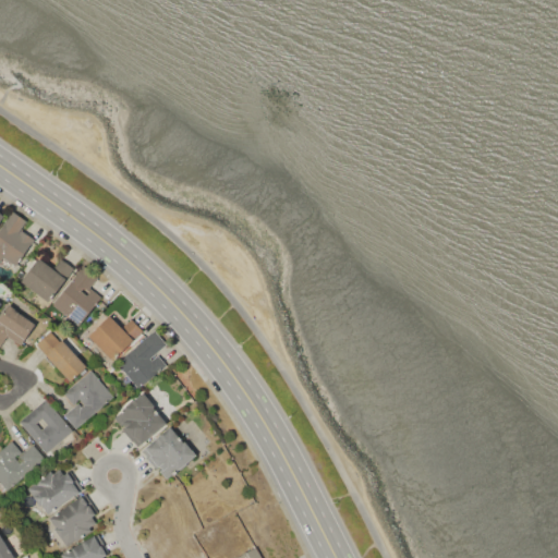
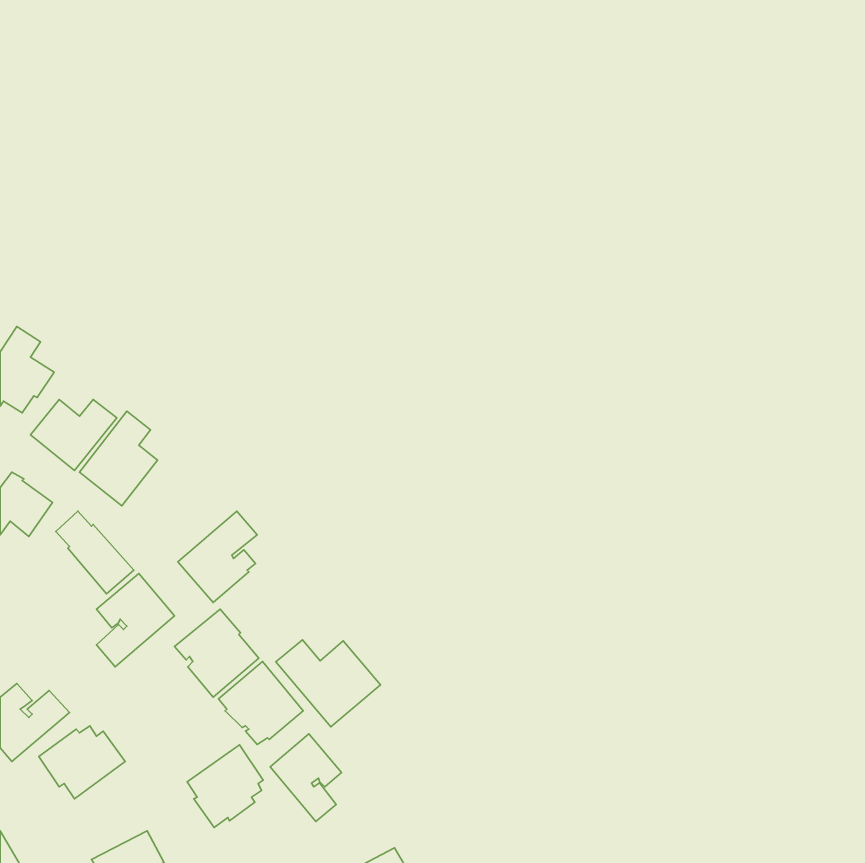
building: [87,315,142,363] -> none
building: [16,399,72,454] -> none
building: none -> [276,640,381,727]
building: none -> [270,734,342,822]
building: [48,495,97,548] -> [187,745,263,828]

